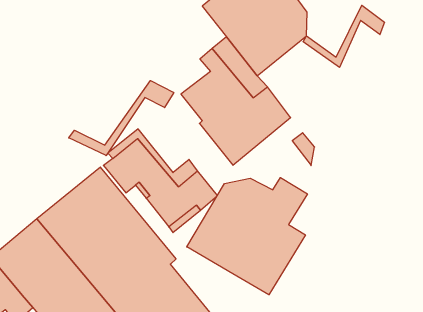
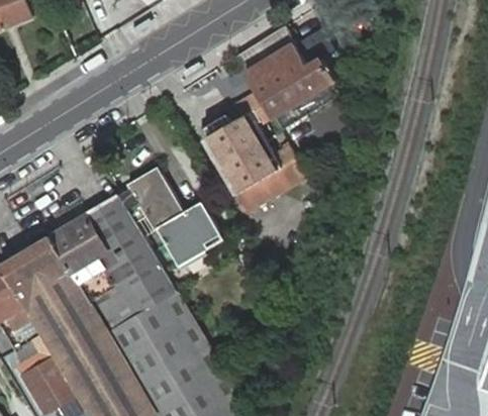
building: [303,5,385,67] -> none
building: [69,81,174,156] -> none
building: [187,178,307,295] -> none

